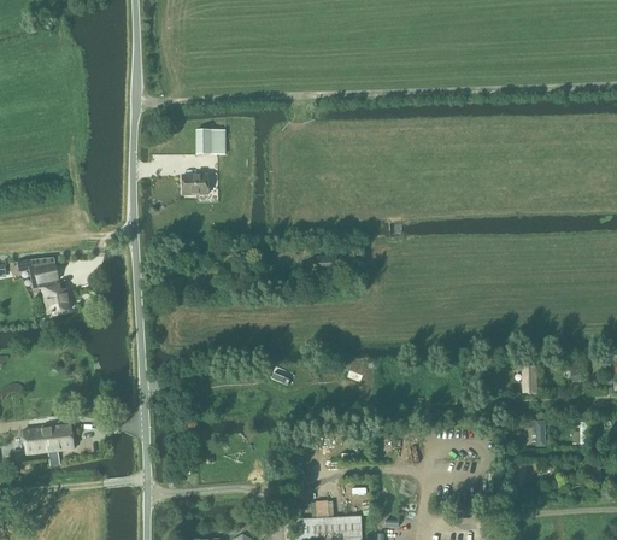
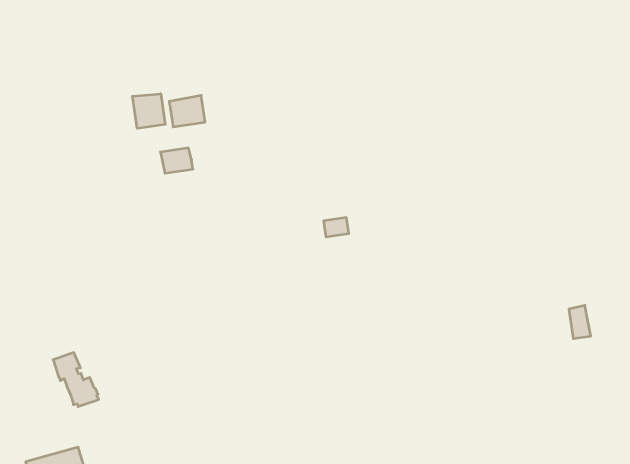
building: none -> [132,94,165,128]
building: [35,263,70,311] -> [53,353,99,407]

